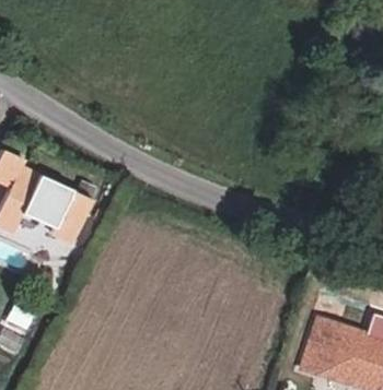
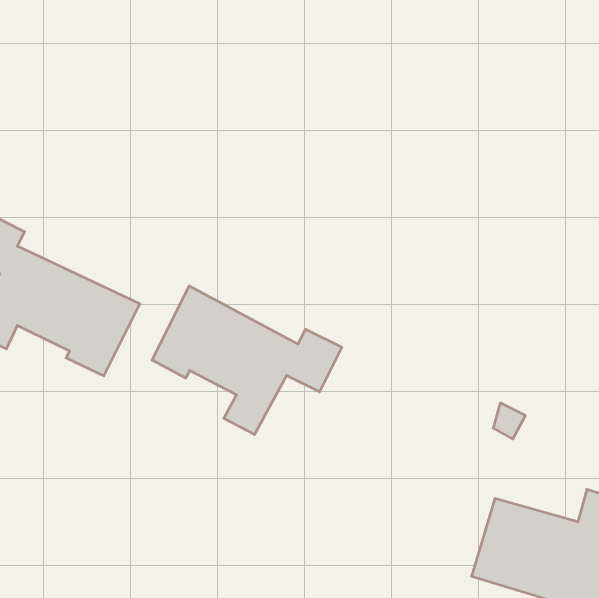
building: none -> [152,286,342,435]

